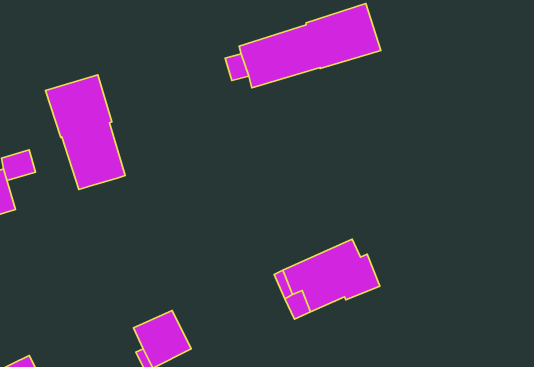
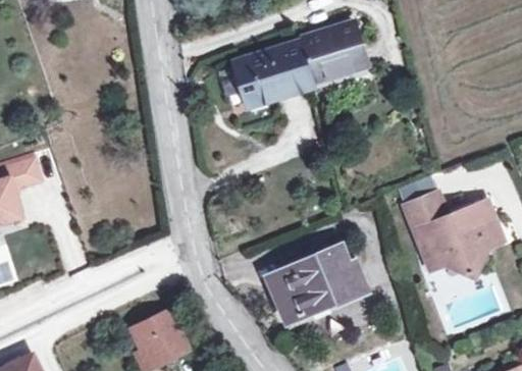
building: [45,75,125,190] -> none
building: none -> [403,195,503,277]

